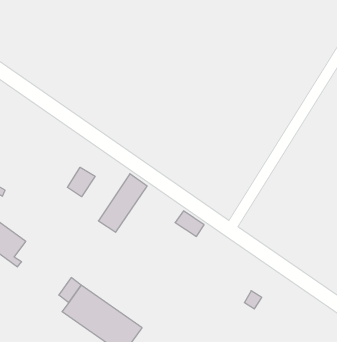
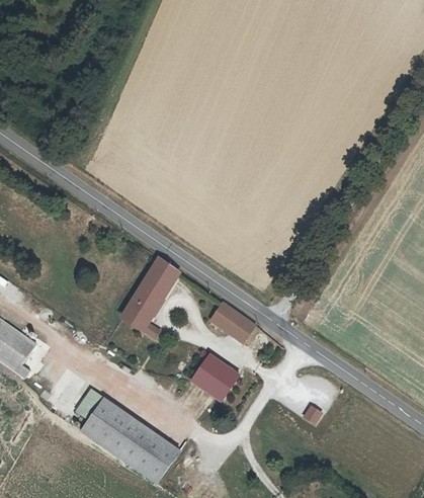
building: [67,167,95,197] -> none
building: none -> [184,350,235,408]

